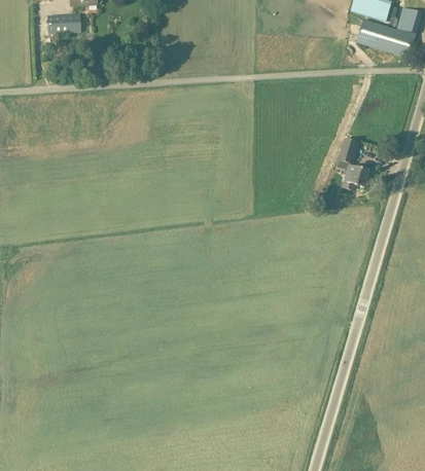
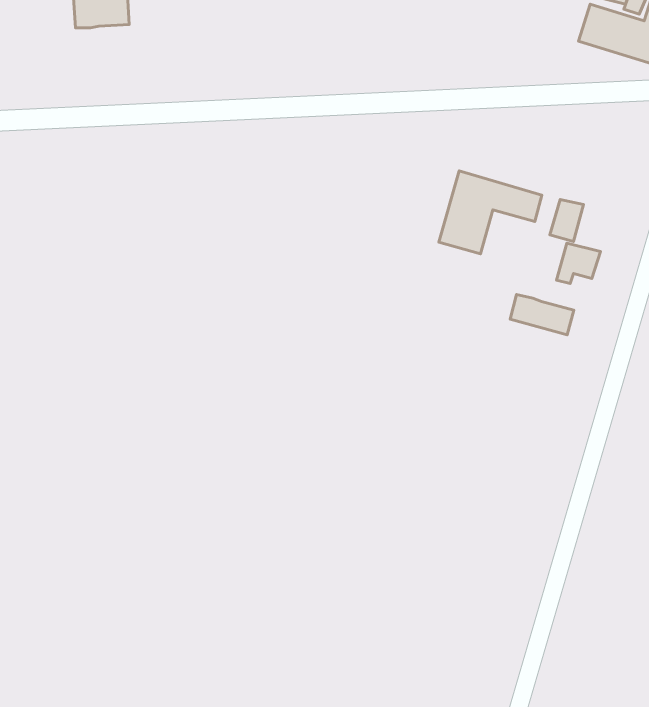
building: none -> [439,171,542,254]
building: none -> [510,294,574,335]

